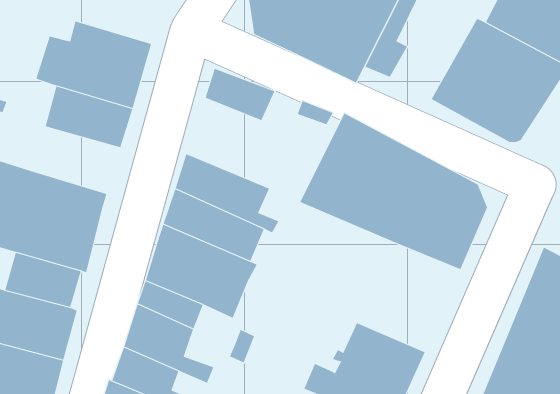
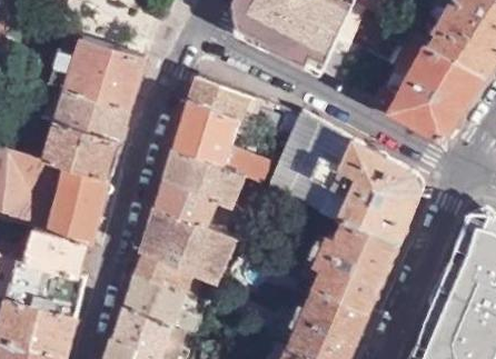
building: none -> [173,99,268,181]
building: none -> [36,117,120,178]
building: none -> [313,217,399,308]

